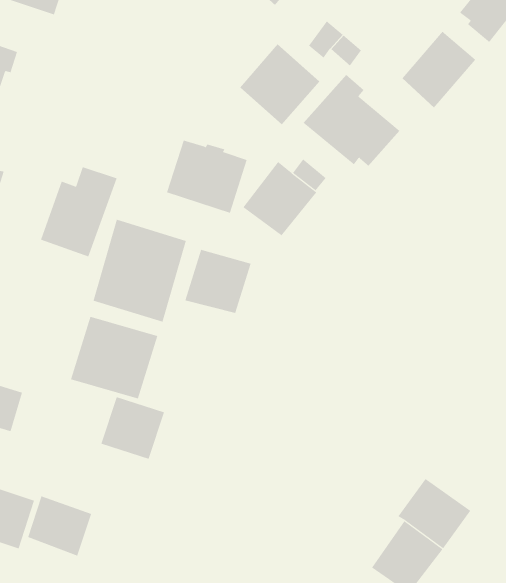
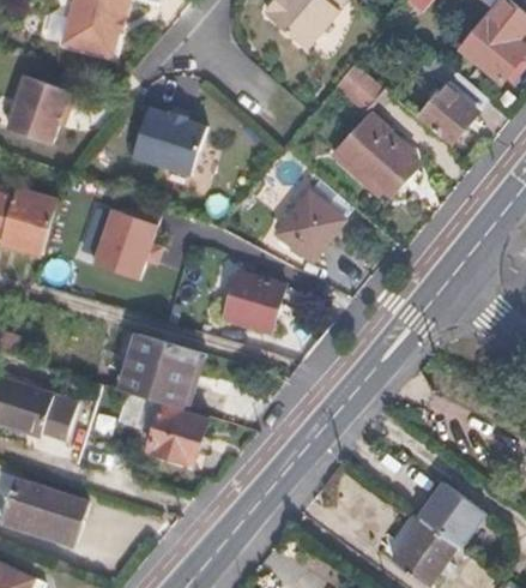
building: [239,44,320,125] -> none
building: [166,140,248,214] -> [132,108,206,175]
building: [93,219,187,323] -> none
building: [27,495,92,556] -> none

